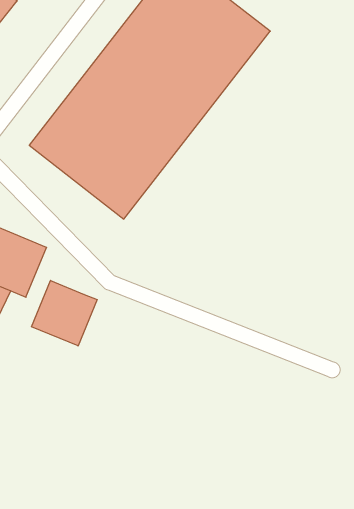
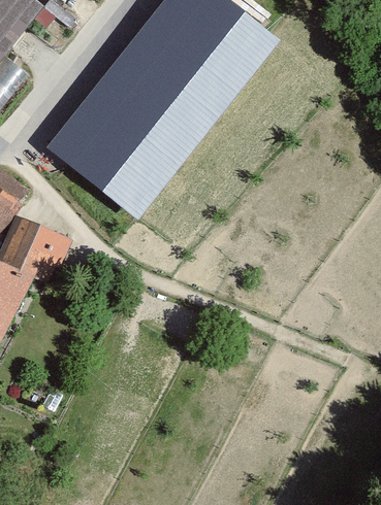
building: [32,280,97,346] -> none

